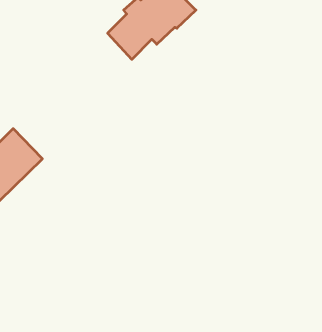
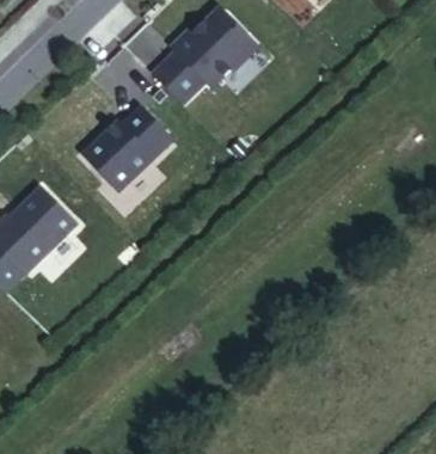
building: none -> [82,106,172,192]

